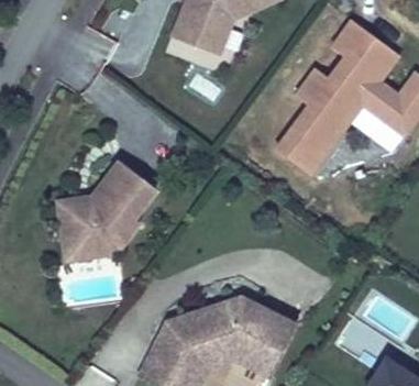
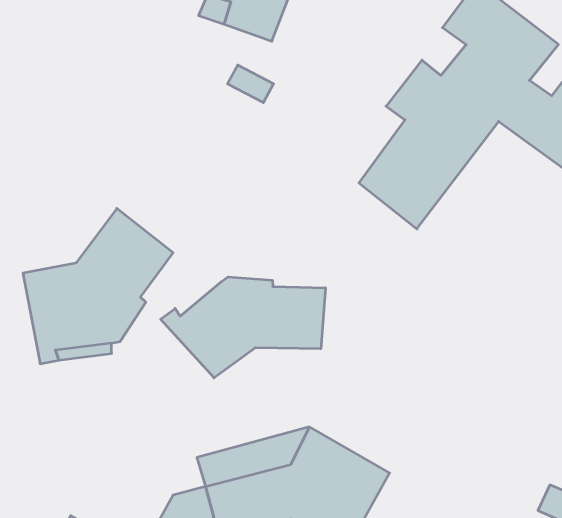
building: none -> [161,277,325,378]

